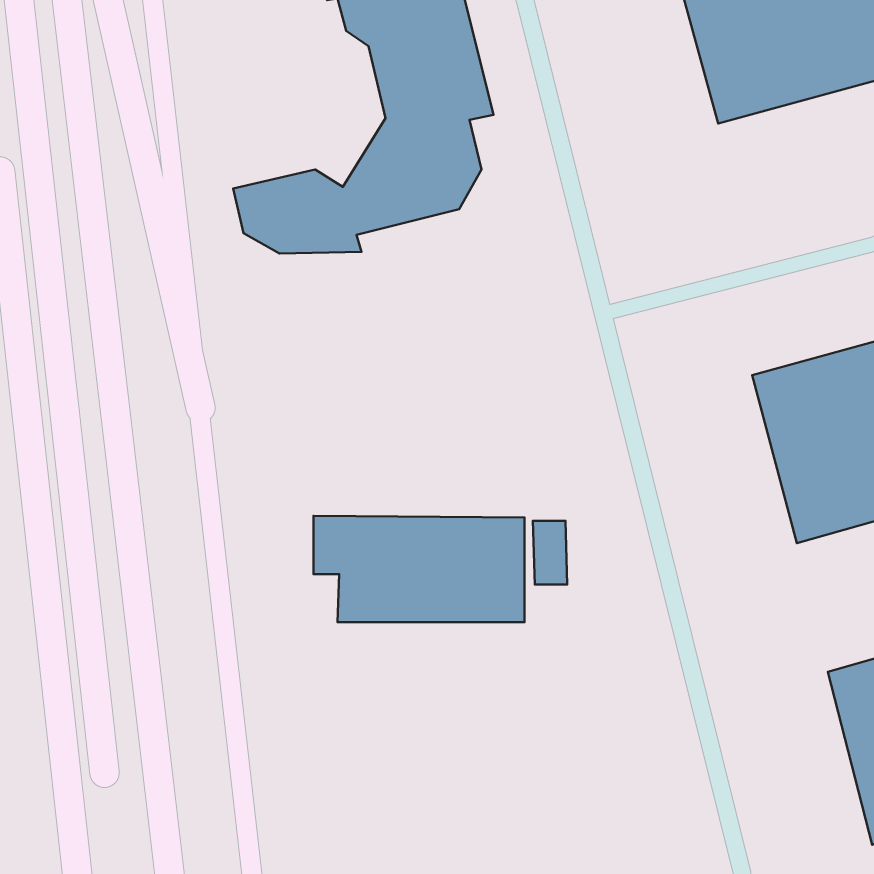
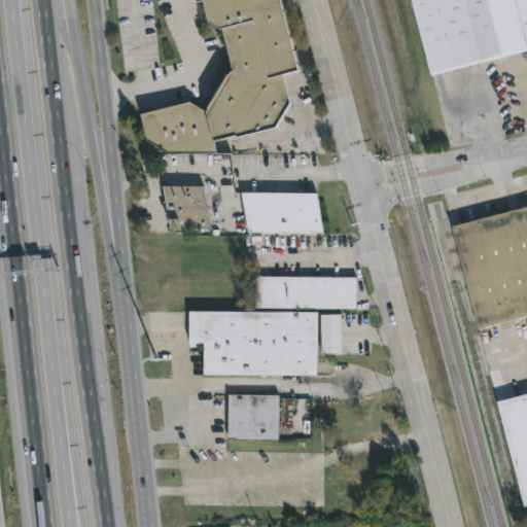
building: none -> [165,185,211,226]
building: none -> [243,191,323,232]
building: none -> [256,276,355,308]
building: none -> [227,396,278,440]

